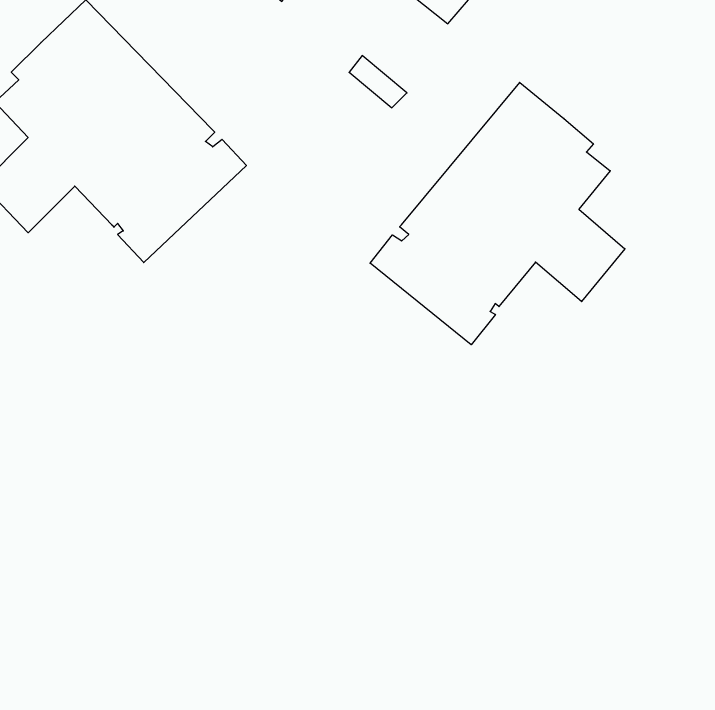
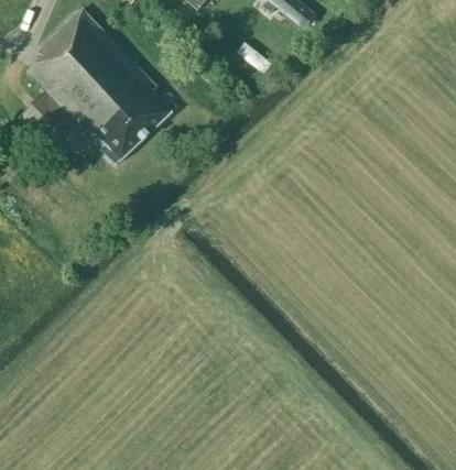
building: [370,82,625,345] -> none

